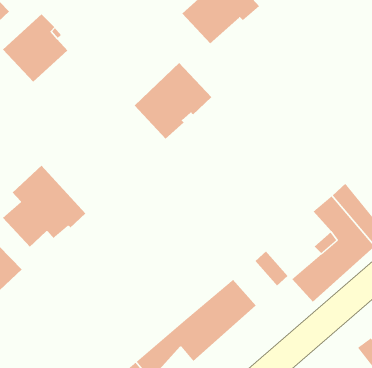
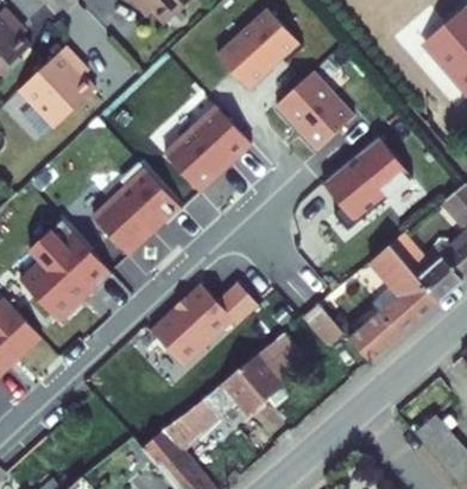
building: none -> [280,64,360,145]
building: none -> [323,134,414,229]
building: none -> [93,160,184,253]
building: none -> [156,286,265,371]

